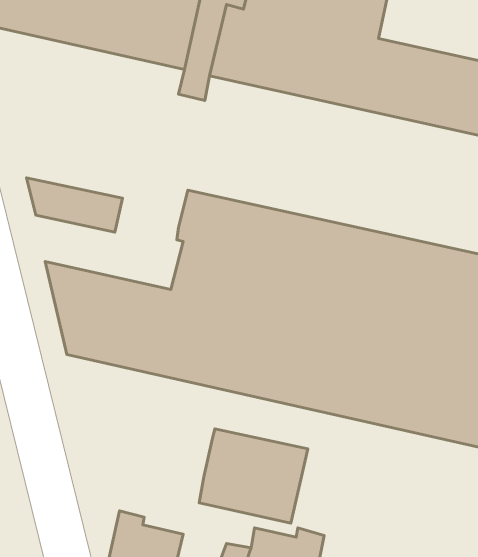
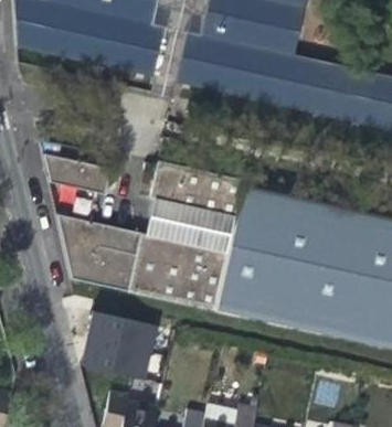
building: [199,429,308,523] -> [80,316,157,383]

